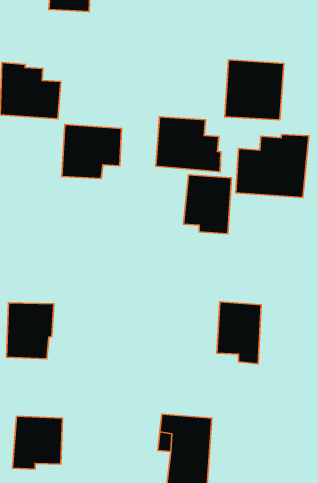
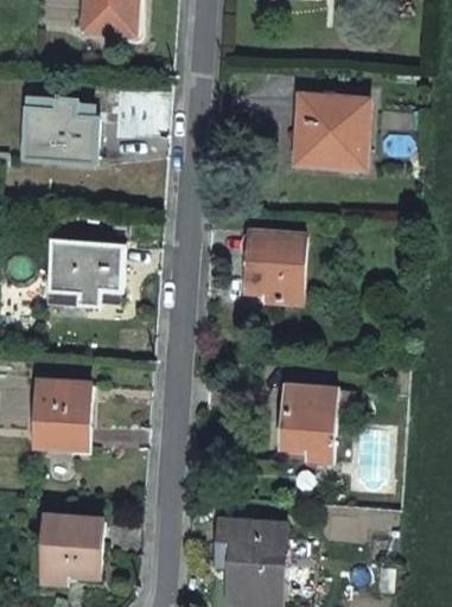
building: [156,117,221,172] -> none
building: [62,124,122,179] -> [51,241,123,306]
building: [236,134,309,197] -> none

